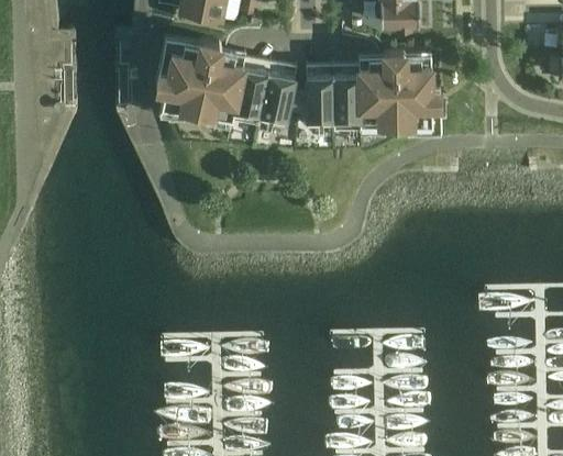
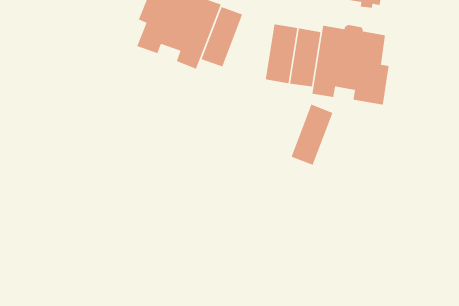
building: [257,59,296,127] -> [291,103,333,166]

